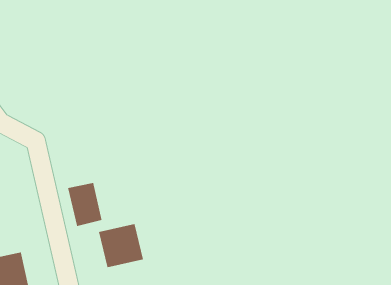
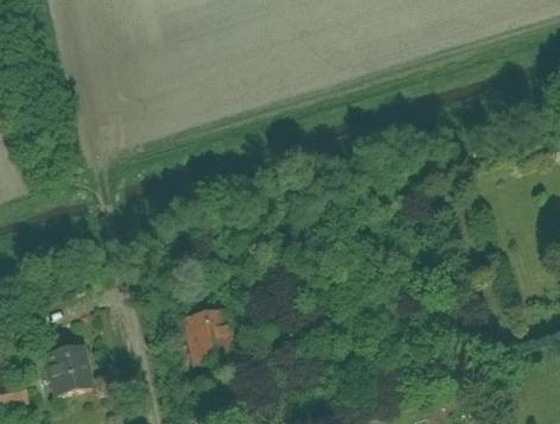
building: [68,182,102,227] -> none

